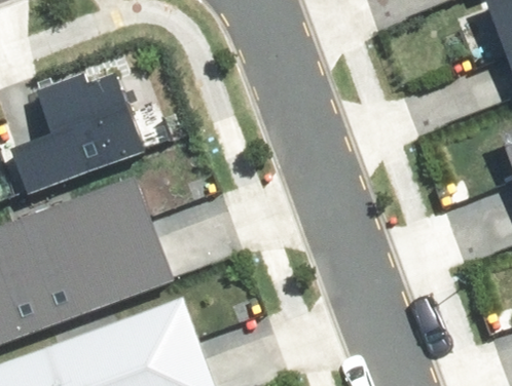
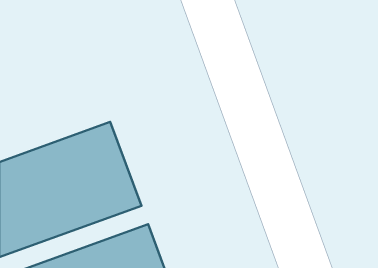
building: [10,77,134,200] -> none

